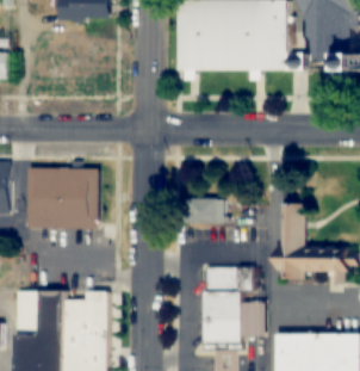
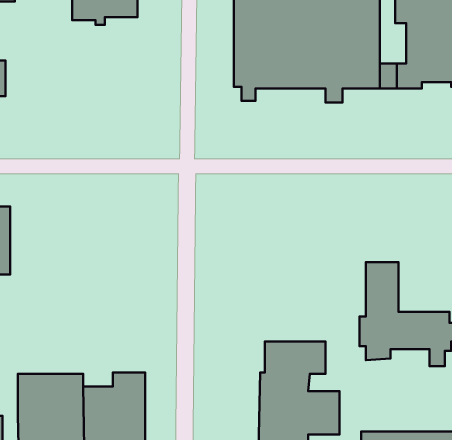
building: [32,171,103,230] -> none
building: [186,199,229,224] -> none

